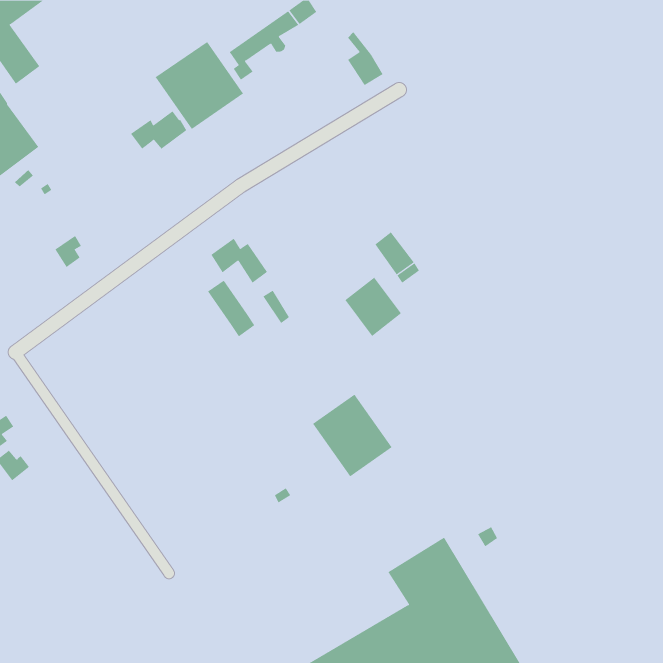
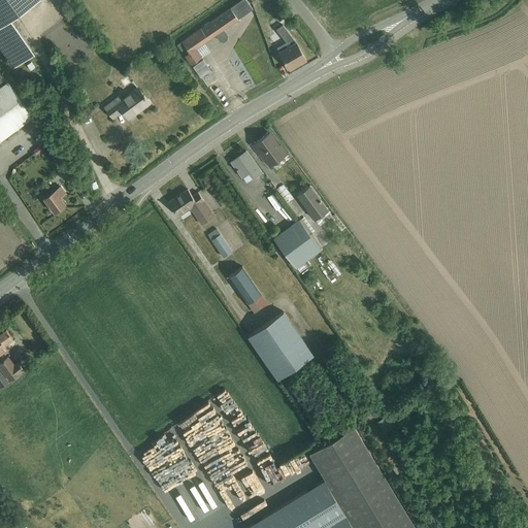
building: [155,41,244,130] -> none
building: none -> [254,134,285,166]
building: none -> [230,152,261,185]
building: [207,280,255,337] -> [228,268,266,314]

